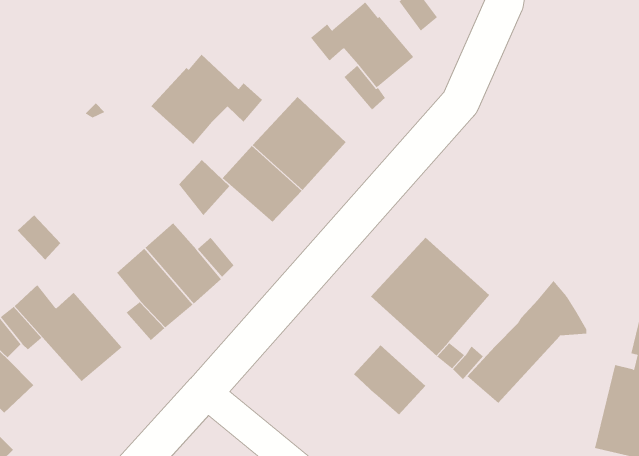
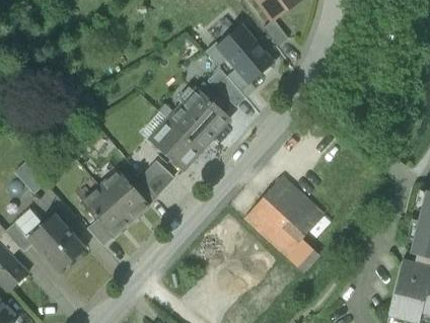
building: [151,54,263,145] -> none
building: none -> [208,68,245,106]
building: [178,159,230,216] -> [141,160,174,196]
building: [467,280,587,404] -> none
building: [353,344,426,416] -> none

